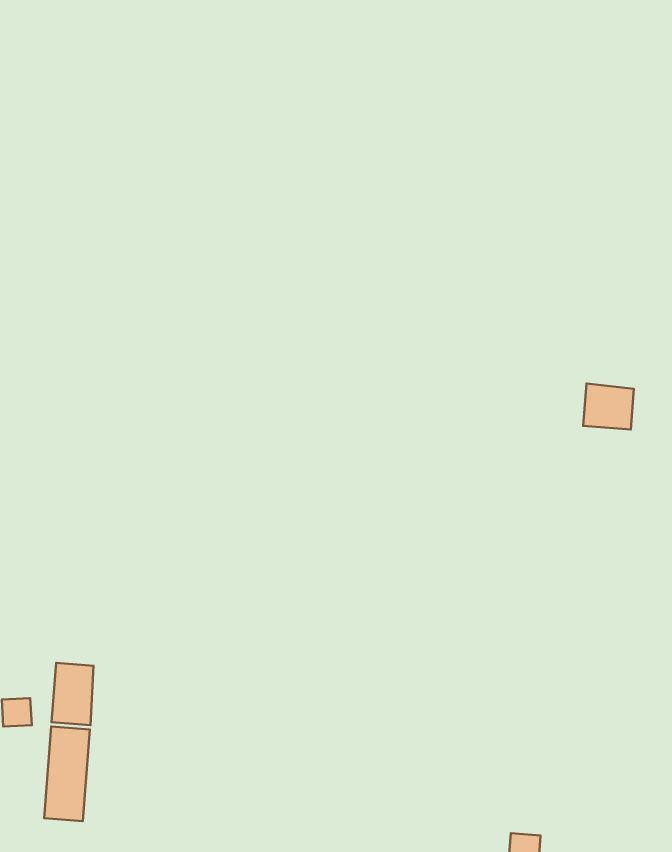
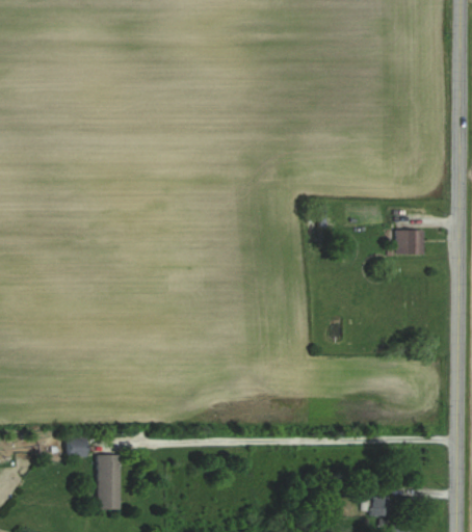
building: [51,663,93,725] -> none

